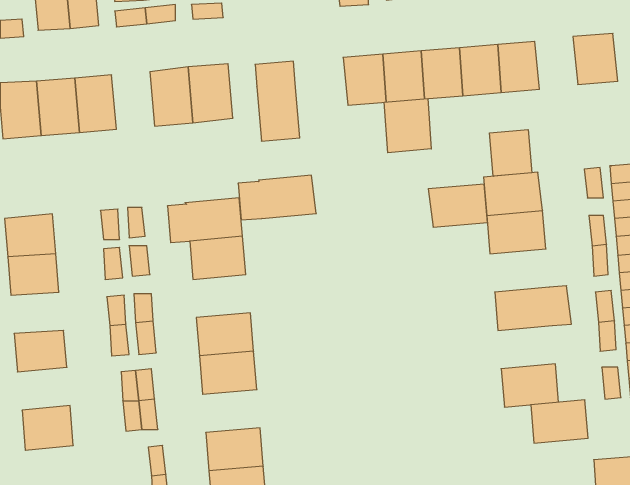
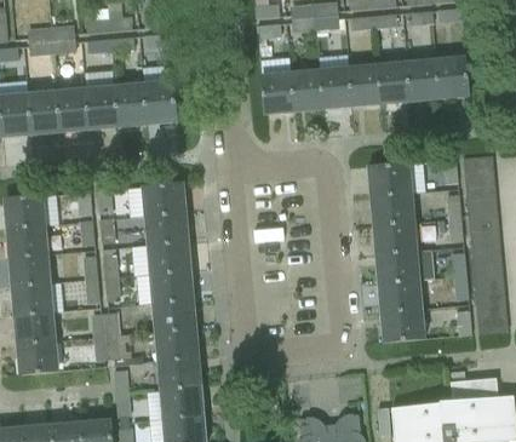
building: none -> [406,61,438,101]
building: [255,61,300,141] -> [84,70,117,131]
building: [384,99,431,153] -> none
building: [490,130,532,176] -> none
building: [238,175,316,220] -> [131,241,190,275]
building: [428,184,487,227] -> [372,222,417,254]
building: none -> [8,254,48,286]
building: none -> [13,311,53,344]
building: none -> [154,328,197,361]
building: [531,400,588,443] -> [378,280,422,312]

